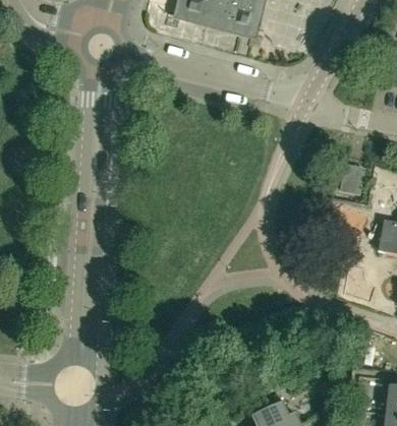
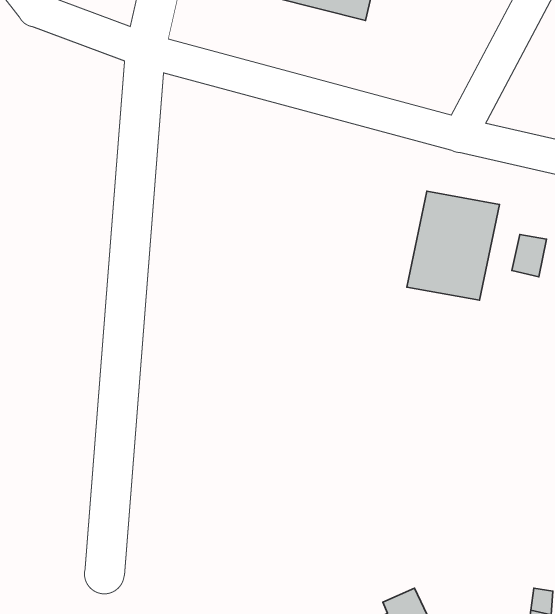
building: none -> [407,191,499,300]

